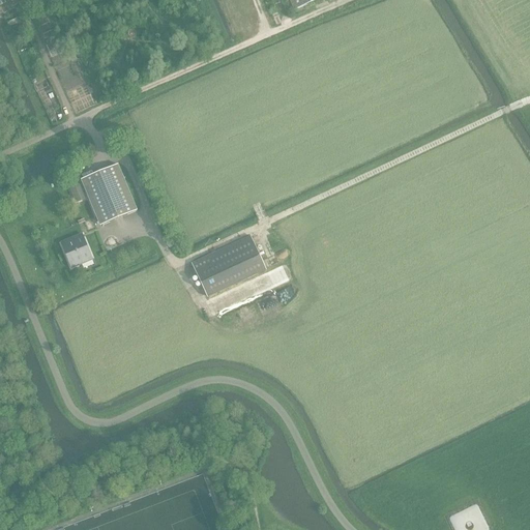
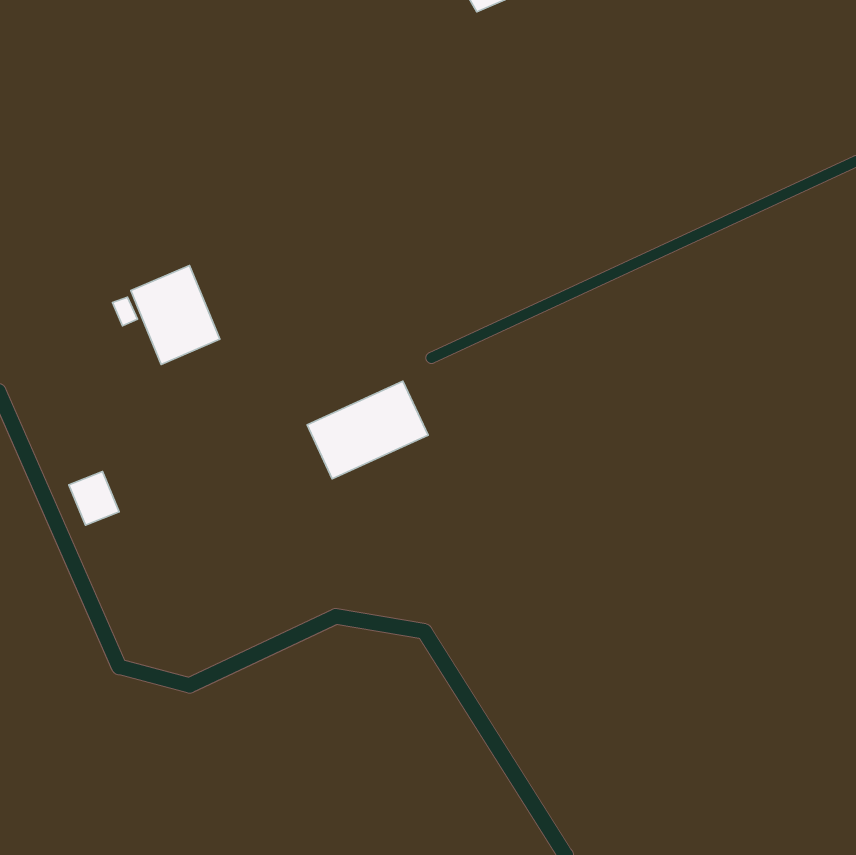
building: [60,233,91,266] -> [69,471,119,525]

